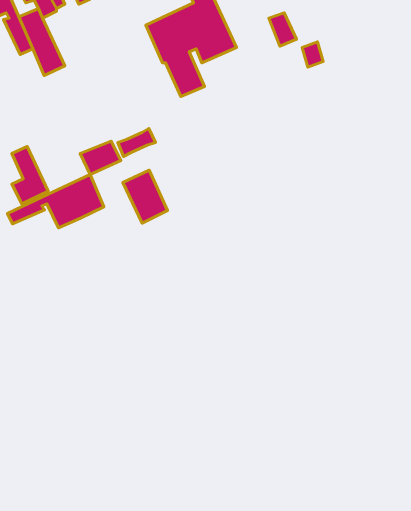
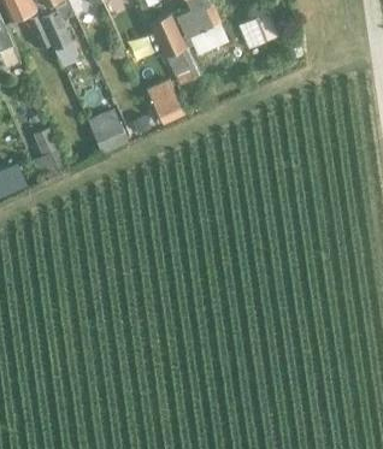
building: [123,170,167,223] -> [146,81,184,126]
building: [8,174,104,228] -> none

